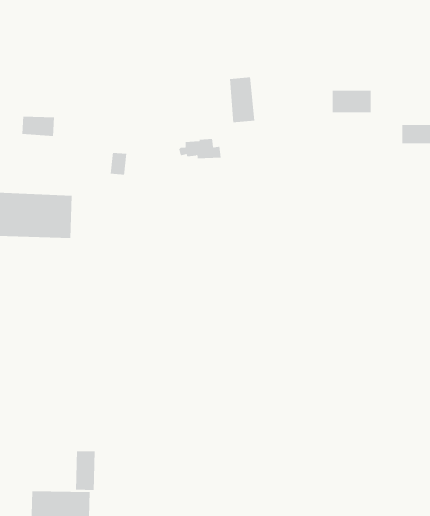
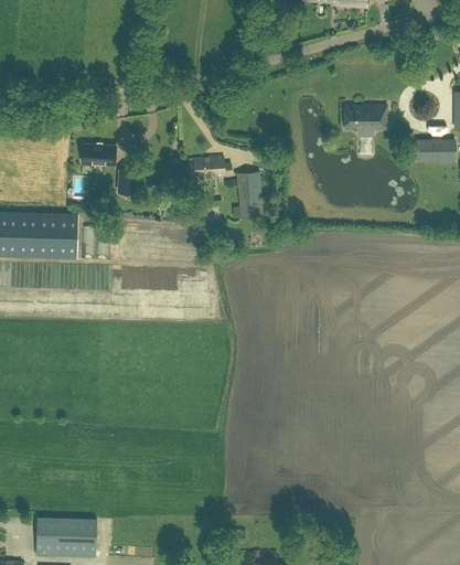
building: [229,77,255,123] -> [235,171,261,218]
building: [22,116,55,136] -> [81,143,115,164]
building: [75,450,95,491] -> none

